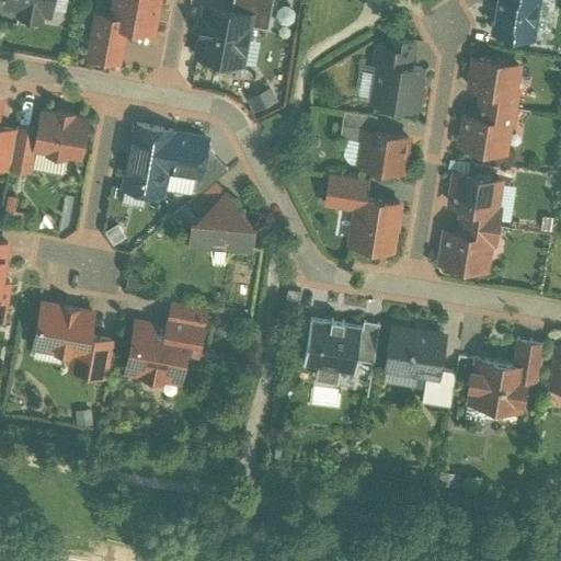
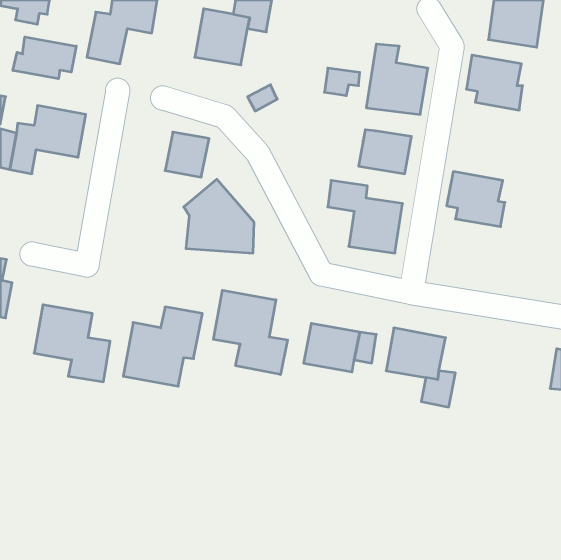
building: none -> [13,37,76,79]
building: [455,104,518,156] -> none
building: [341,115,376,142] -> [324,68,360,96]
building: [125,127,173,198] -> none
building: [436,220,500,273] -> none
building: none -> [213,290,288,375]
building: [467,342,543,411] -> none

